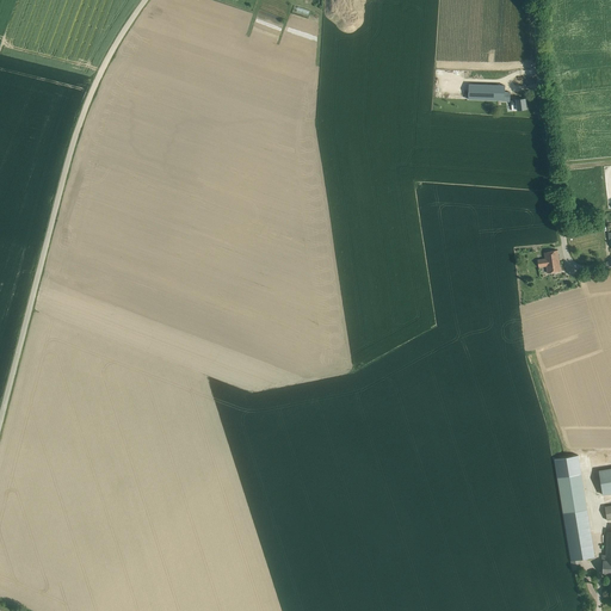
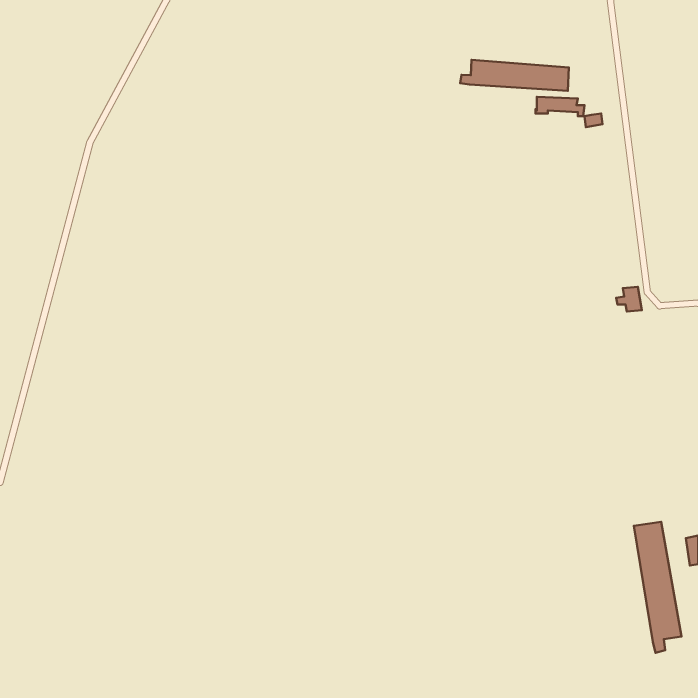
building: none -> [460,60,569,91]

